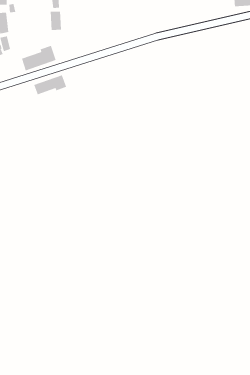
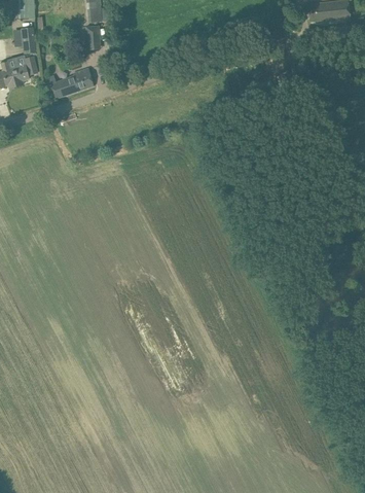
building: [33,74,67,95] -> none

